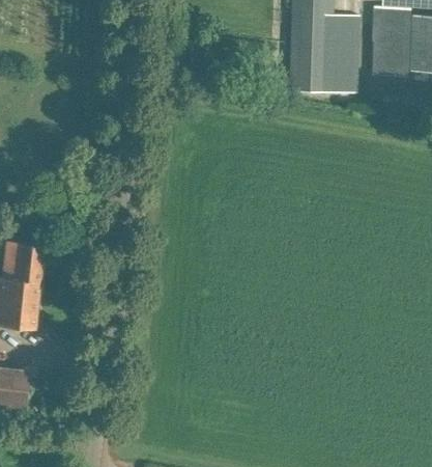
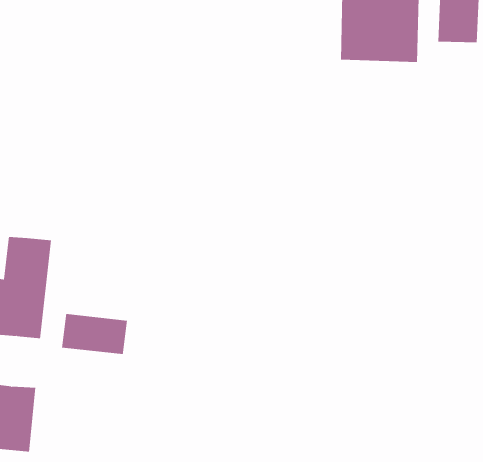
building: none -> [61,313,128,355]

